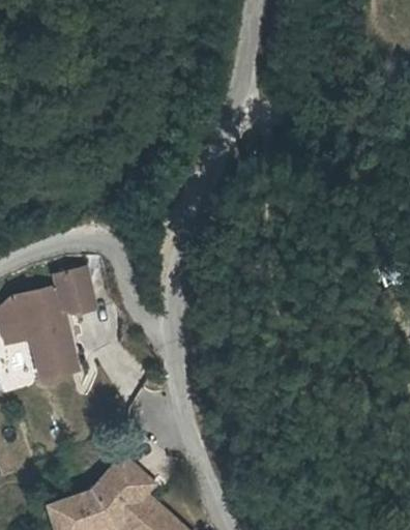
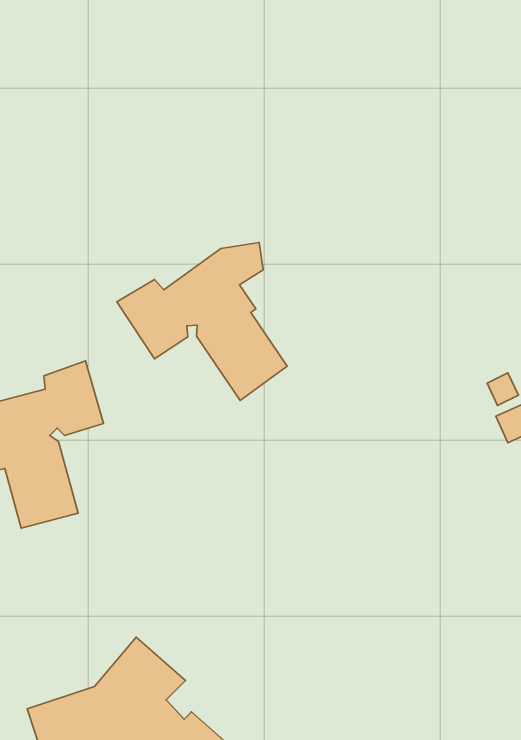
building: none -> [117,243,287,400]

